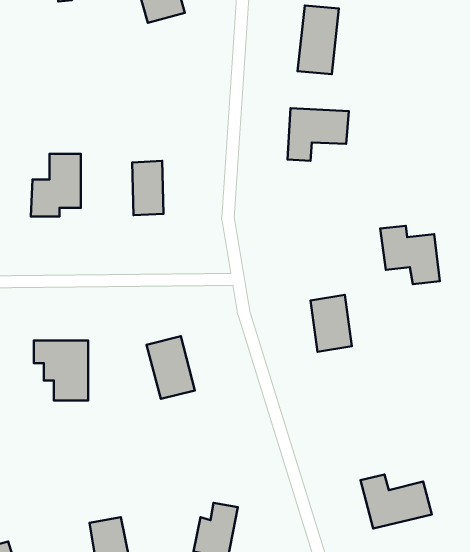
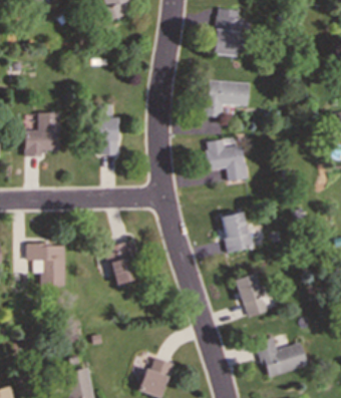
building: [380,226,440,284] -> [205,139,247,180]
building: none -> [236,273,266,317]

